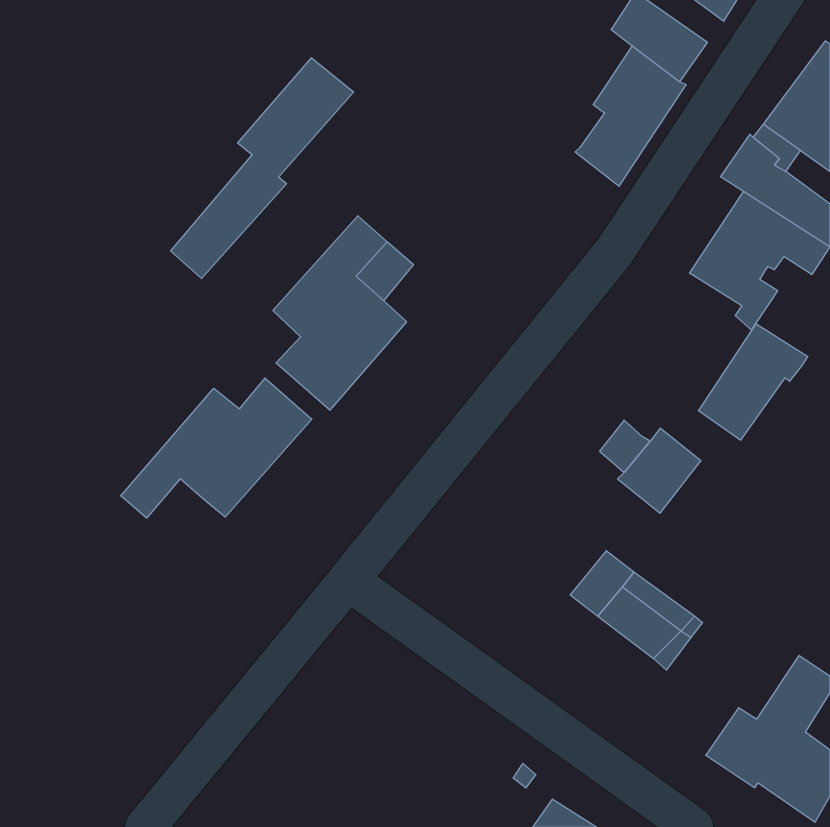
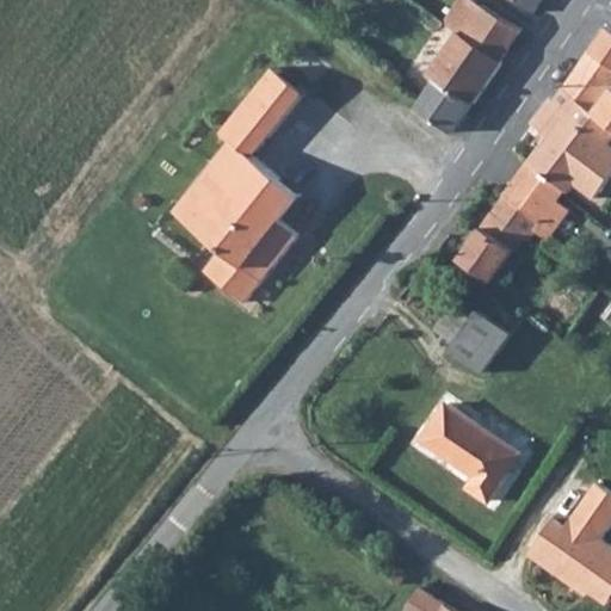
building: [171,58,354,279] -> [177,66,310,227]
building: [698,324,808,440] -> [462,199,542,284]
building: [121,378,312,518] -> none

